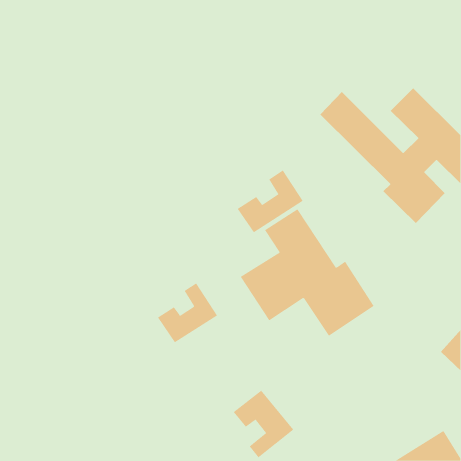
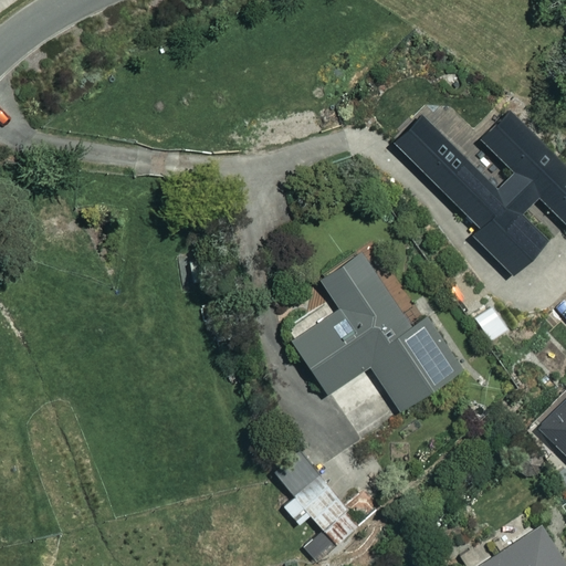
building: [237,170,303,233] -> none
building: [157,282,218,343] -> none

